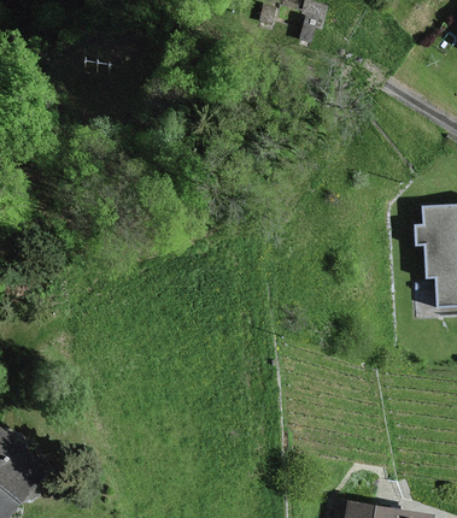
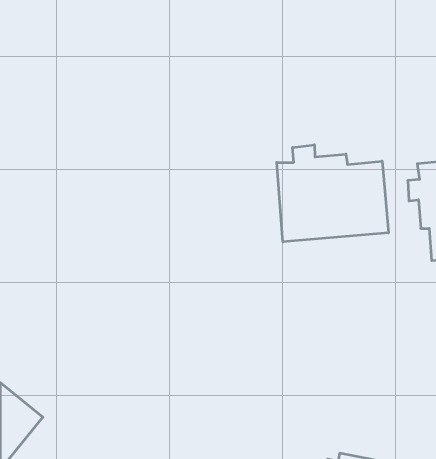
building: none -> [277,145,388,242]

